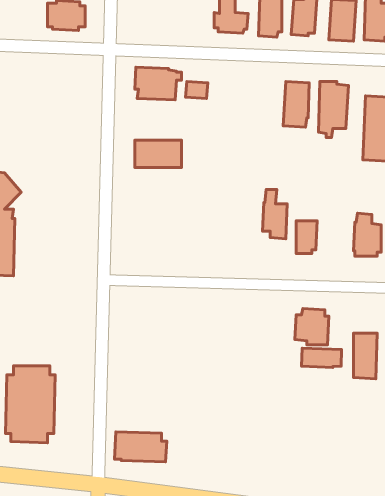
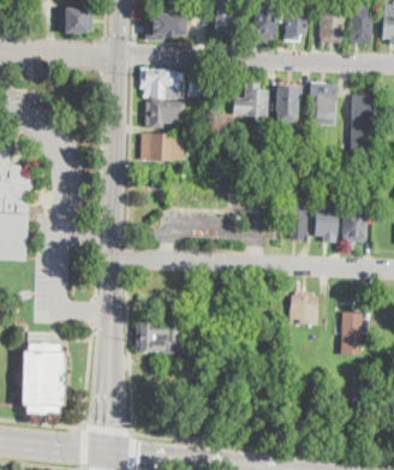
building: none -> [144,14,186,42]
building: none -> [232,84,268,118]
building: none -> [145,101,185,130]
building: [262,189,287,239] -> [314,198,336,244]
building: [301,348,342,368] -> none
building: [115,432,167,462] -> [133,326,181,353]

